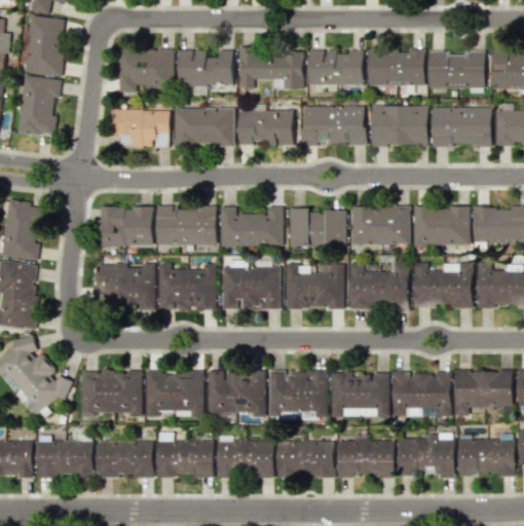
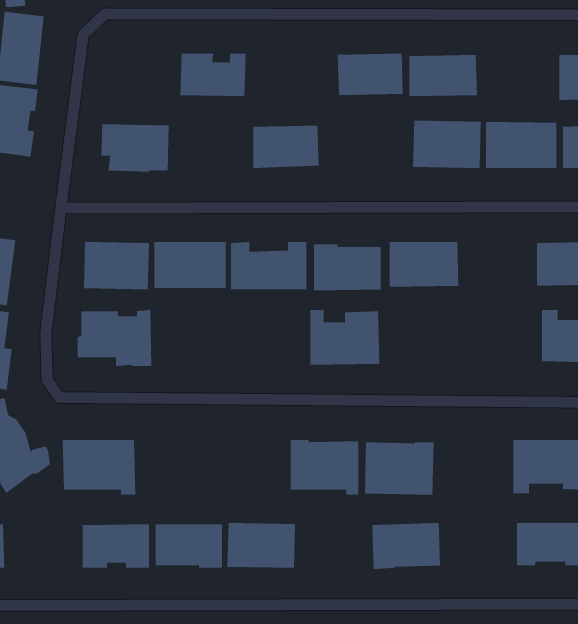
building: [117,48,174,92] -> none
building: [239,50,303,87] -> none
building: [428,50,485,87] -> none
building: [302,106,366,144] -> none
building: [174,107,234,146] -> none
building: [412,205,470,246] -> none
building: [348,262,409,308] -> none
building: [413,262,473,306] -> none
building: [158,263,216,309] -> none
building: [222,266,280,308] -> none
building: [145,370,203,416] -> none
building: [208,370,265,416] -> none
building: [392,370,451,416] -> none
building: [399,433,455,477] -> none
building: [36,440,93,476] -> none
building: [277,440,334,477] -> none

